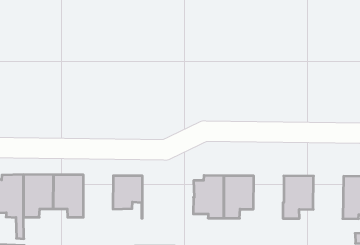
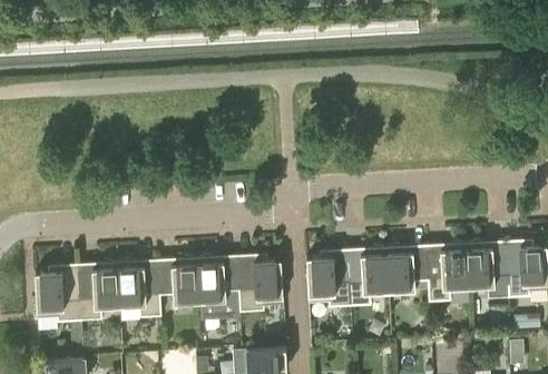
building: none -> [157,259,199,317]
building: none -> [236,255,283,314]
building: none -> [385,246,428,293]
building: none -> [466,242,508,298]

